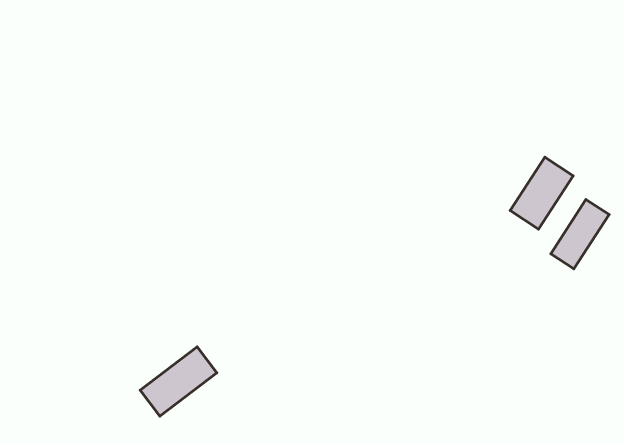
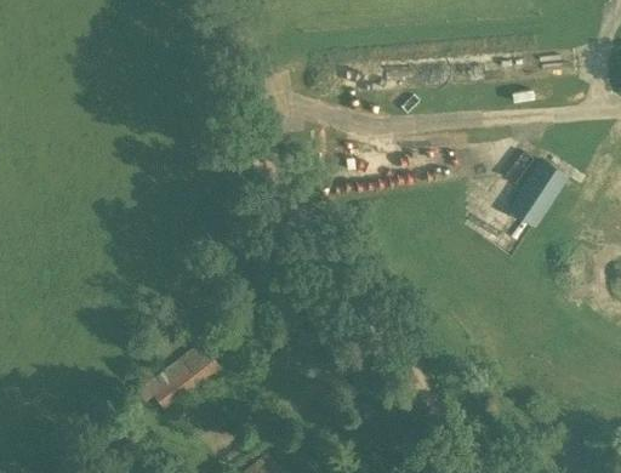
building: [551,200,609,269] -> none

